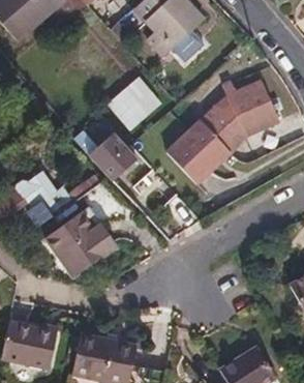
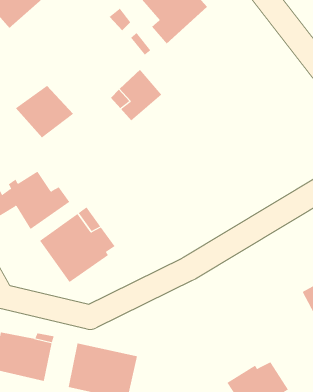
building: [170,83,279,179] -> none
building: [89,129,144,179] -> [15,85,74,138]

